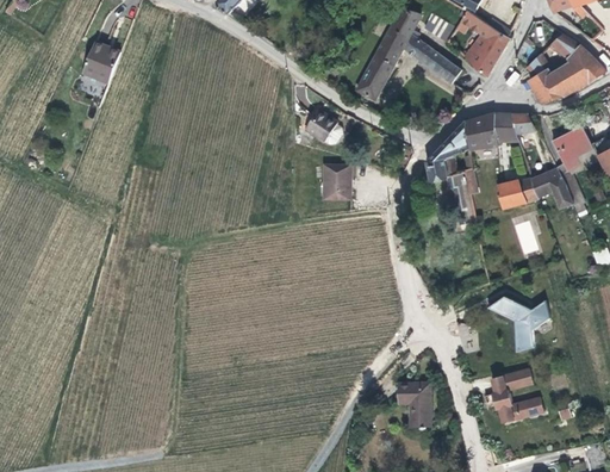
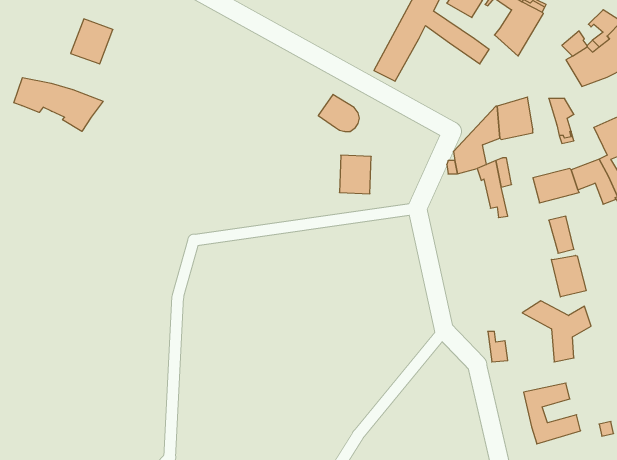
building: none -> [14,78,103,131]
building: [493,112,519,141] -> none
building: none -> [551,255,586,297]
building: [398,381,430,426] -> none

